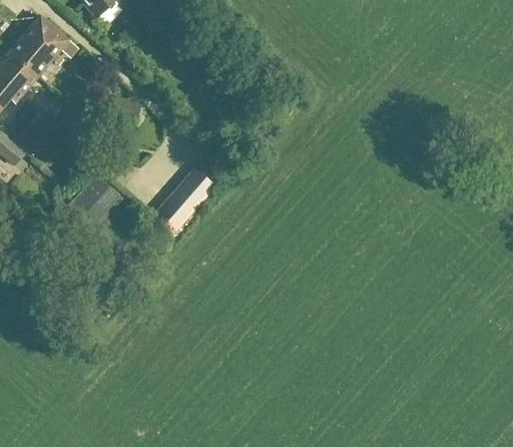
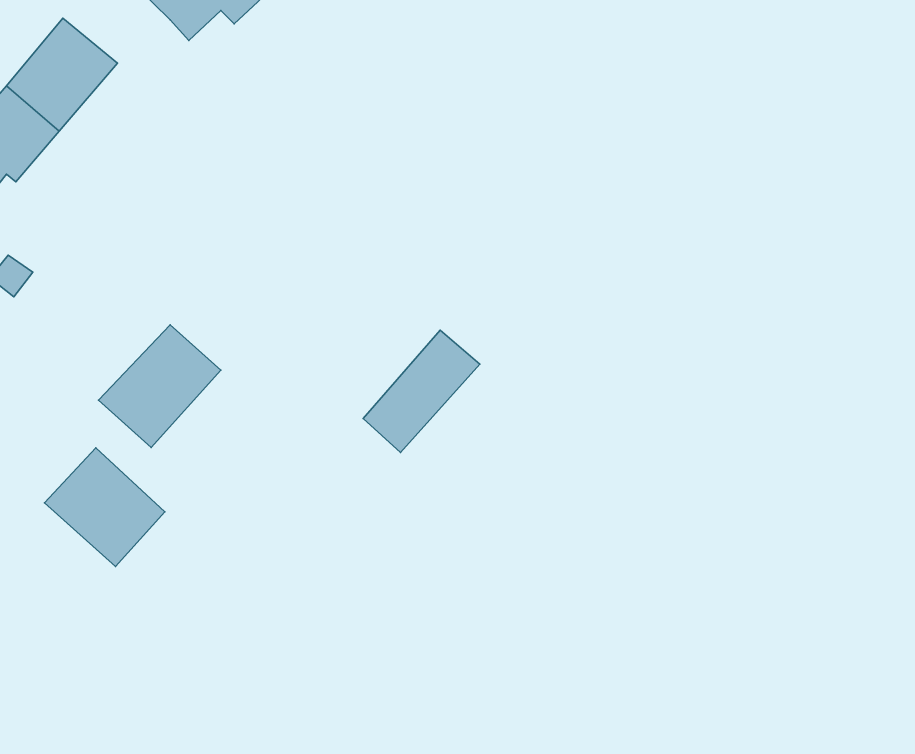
building: [153,165,215,231] -> [363,330,480,453]
building: none -> [45,448,165,567]

